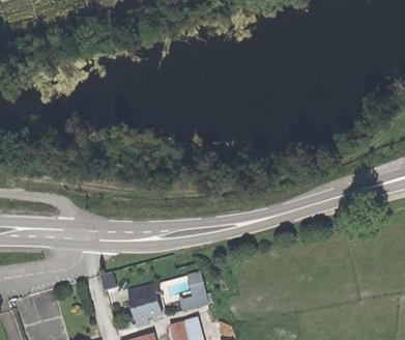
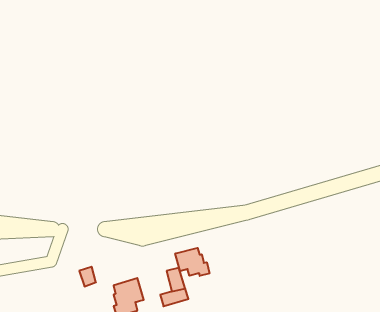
building: none -> [175,248,209,276]

